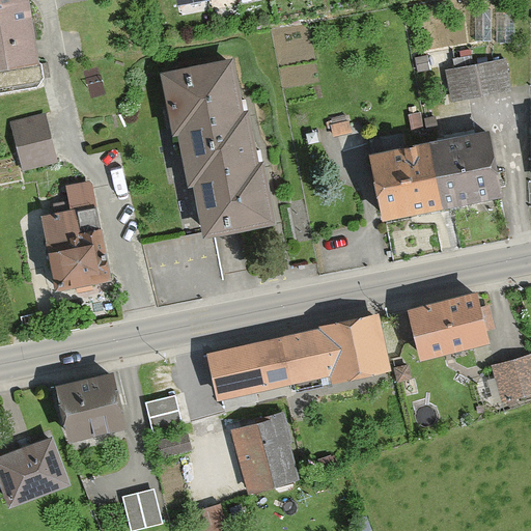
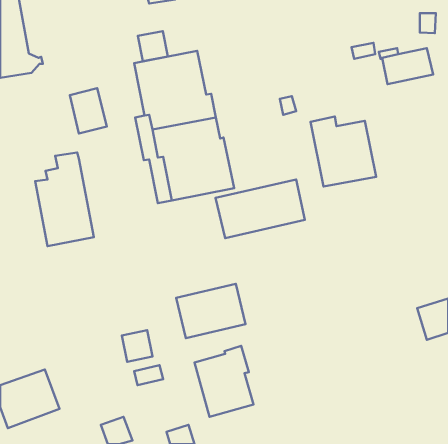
building: none -> [138,31,168,61]
building: [13,113,57,167] -> [70,88,107,134]
building: [431,132,503,209] -> none
building: [409,292,492,361] -> none
building: [279,314,385,384] -> [215,180,305,238]
building: [56,373,124,441] -> none

